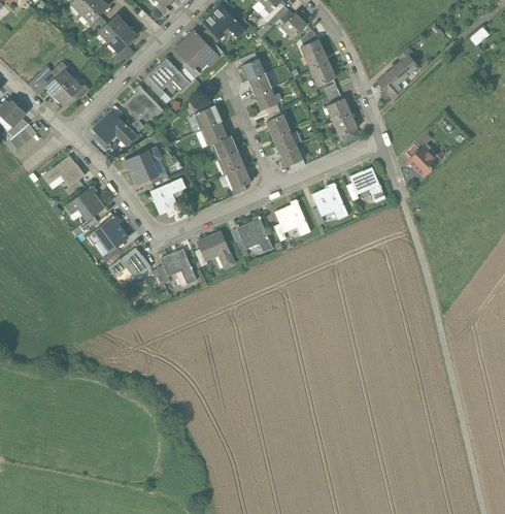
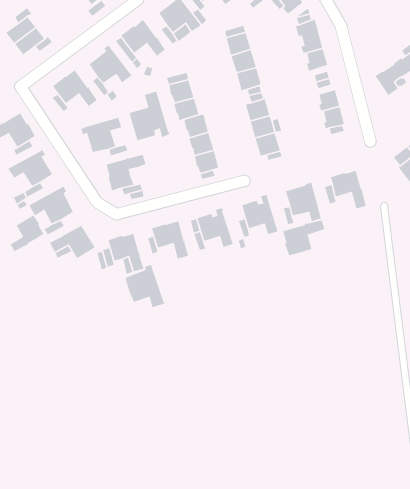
building: none -> [128,91,171,141]
building: none -> [282,220,325,256]
building: none -> [10,214,45,252]
building: none -> [124,264,165,308]

